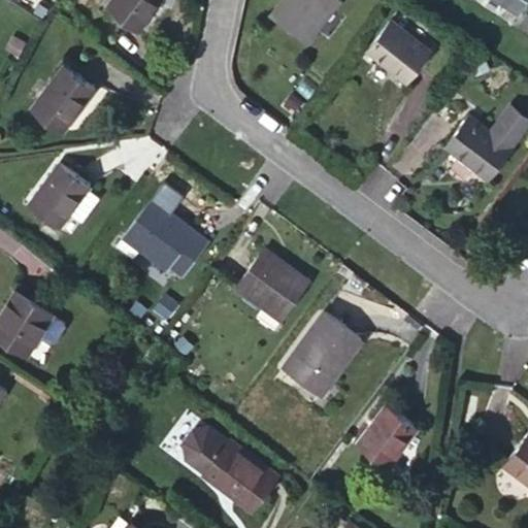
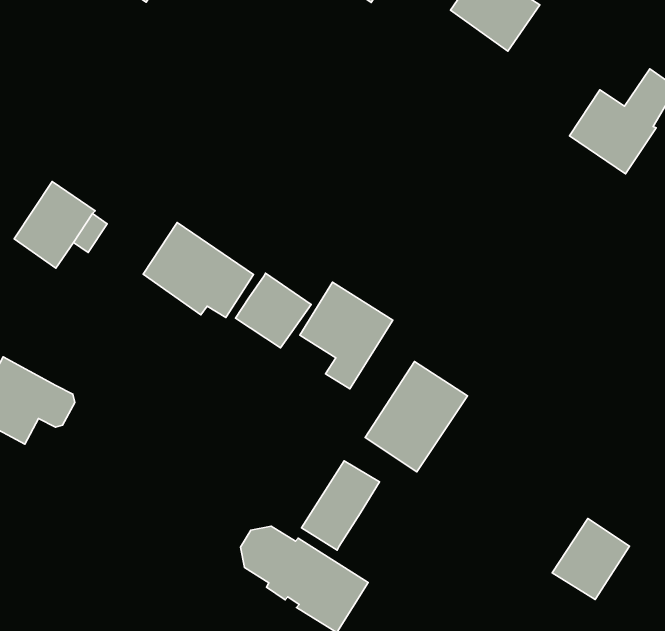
building: [30,67,93,134] -> none
building: none -> [235,273,311,348]
building: none -> [301,461,380,550]
building: [356,406,415,467] -> [552,518,629,599]

